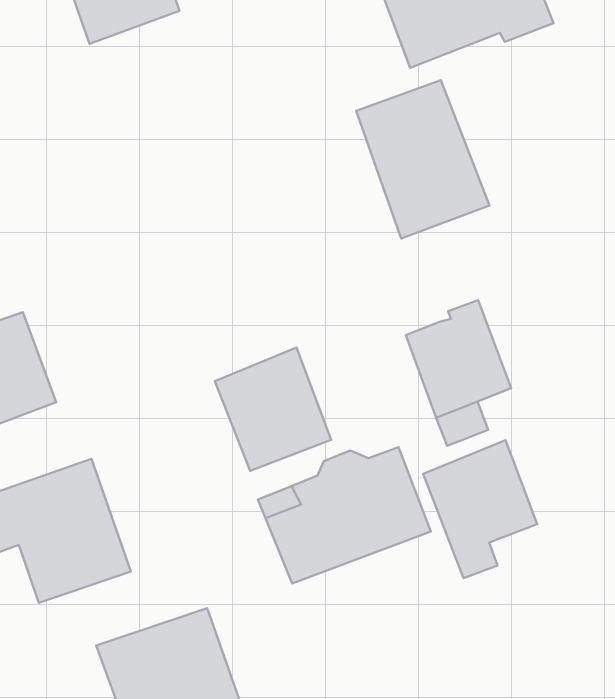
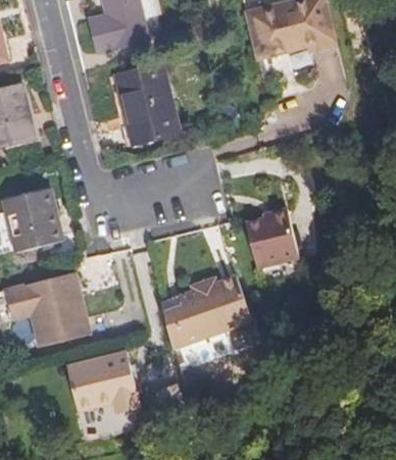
building: [356,80,489,239] -> [114,64,179,145]
building: [215,347,331,471] -> none
building: [423,440,537,578] -> none

